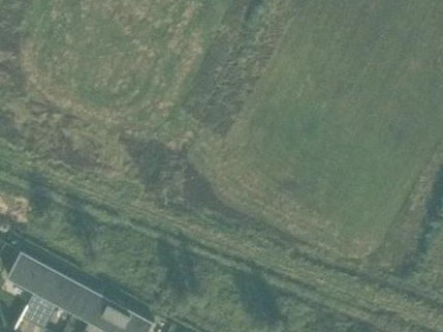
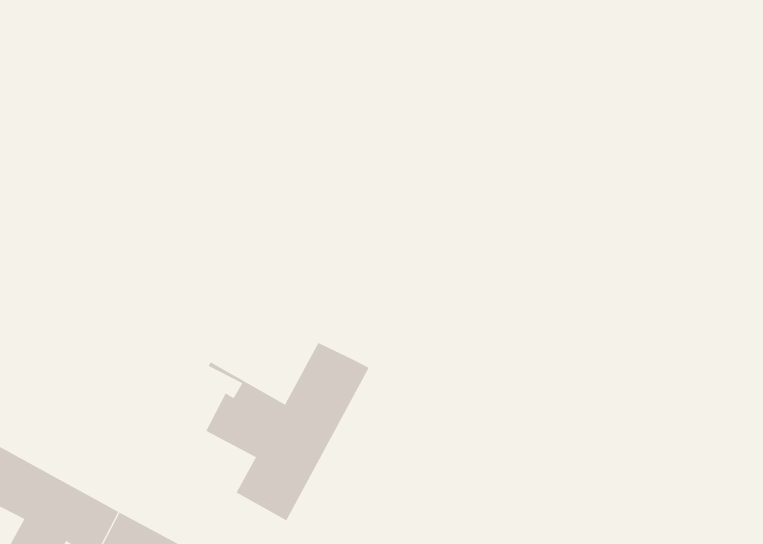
building: none -> [206,342,370,521]

